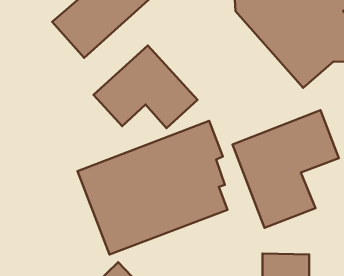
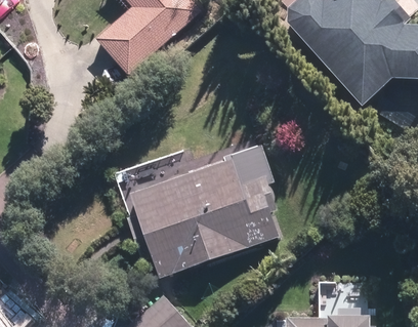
building: [93,46,198,128] -> none
building: [232,110,339,228] -> none

